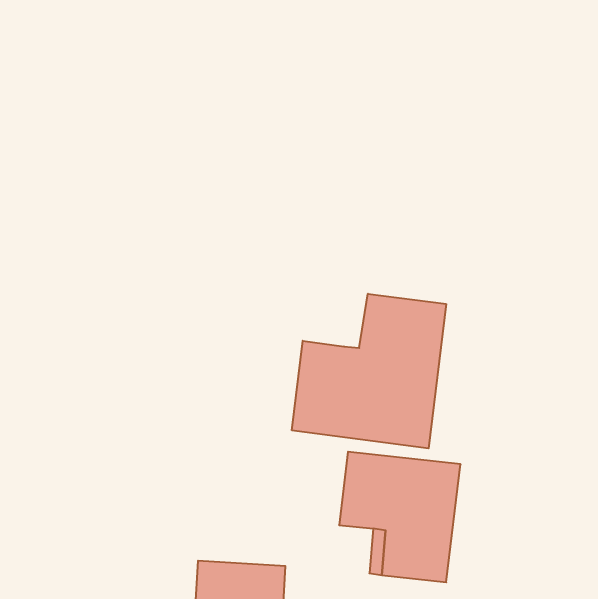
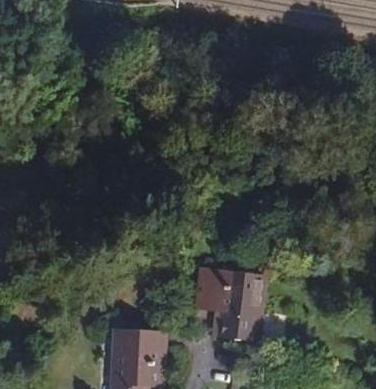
building: [292,294,446,448] -> none

